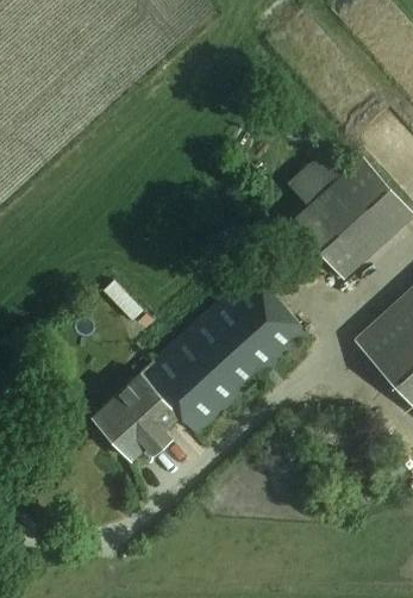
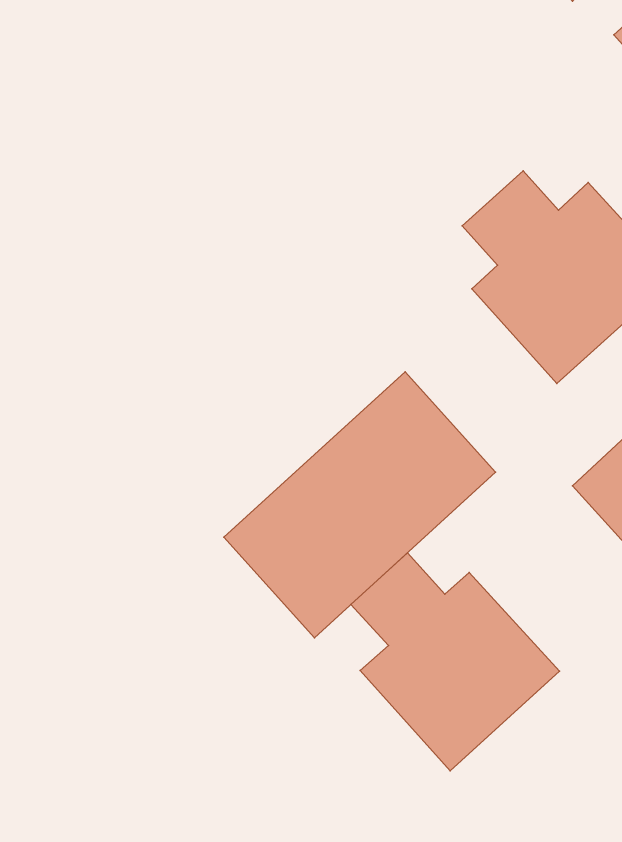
building: [94,373,180,460] -> none
building: none -> [351,553,559,771]

